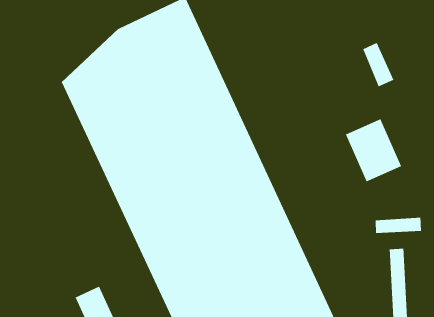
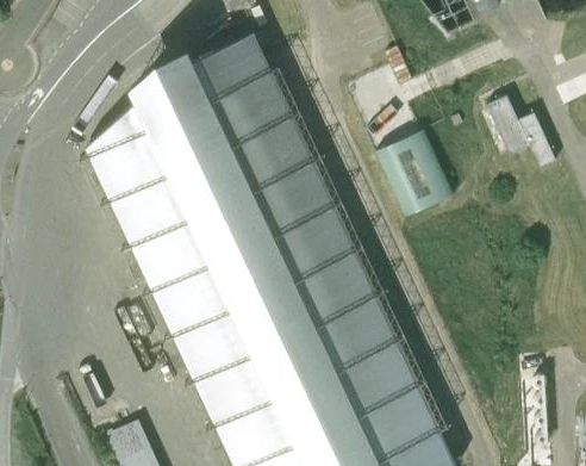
building: [345,118,402,183] -> [376,130,453,216]
building: [375,217,422,234] -> none

